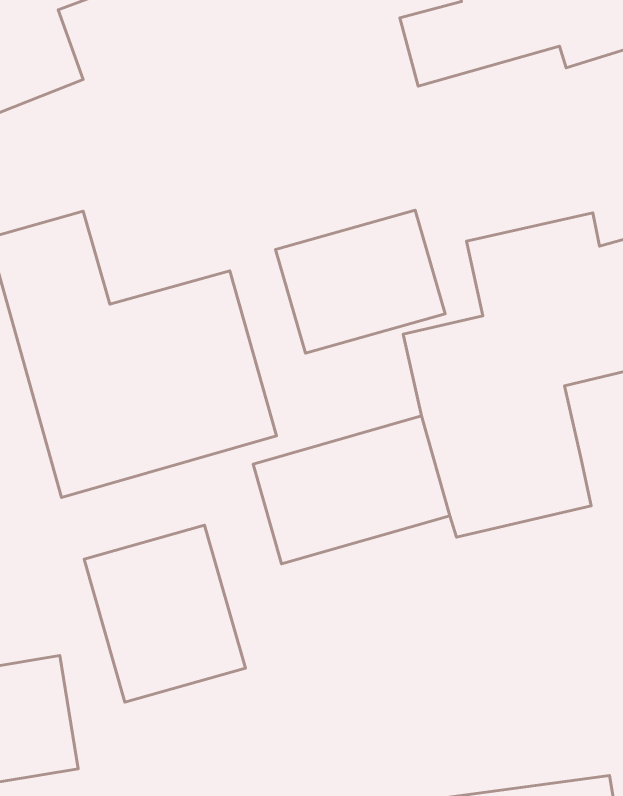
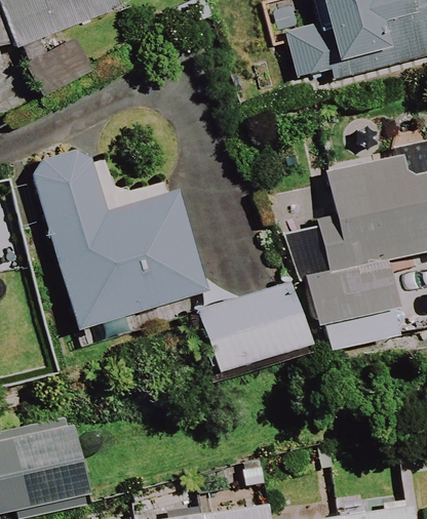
building: [276,210,445,353] -> none
building: [84,525,245,702] -> none

